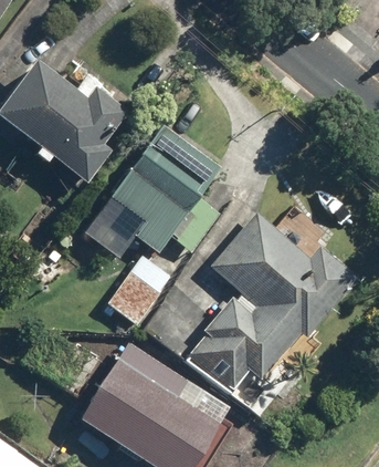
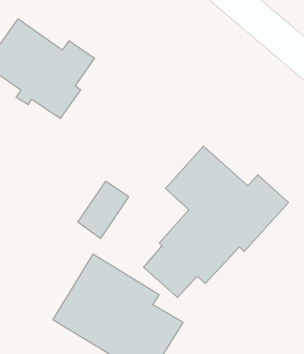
building: [86,127,221,257] -> none

